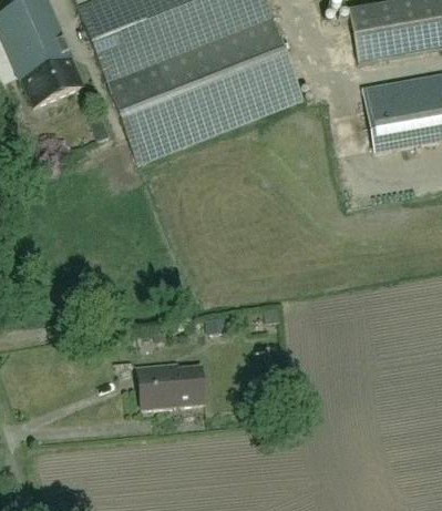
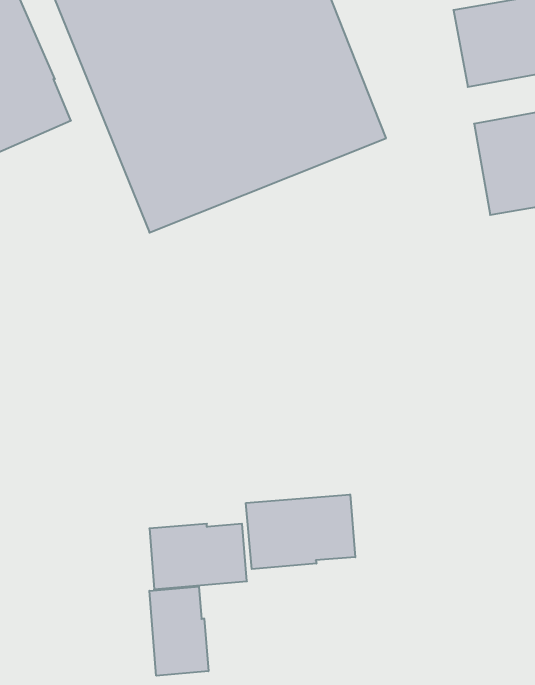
building: none -> [246,494,355,569]
building: none -> [149,587,208,676]

